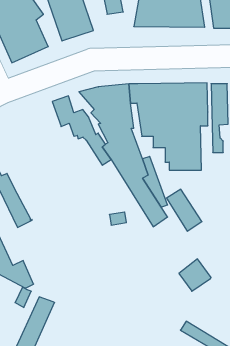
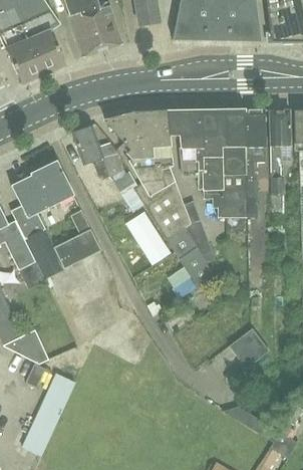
building: none -> [11,160,100,277]
building: [166,189,202,231] -> [125,209,170,261]

